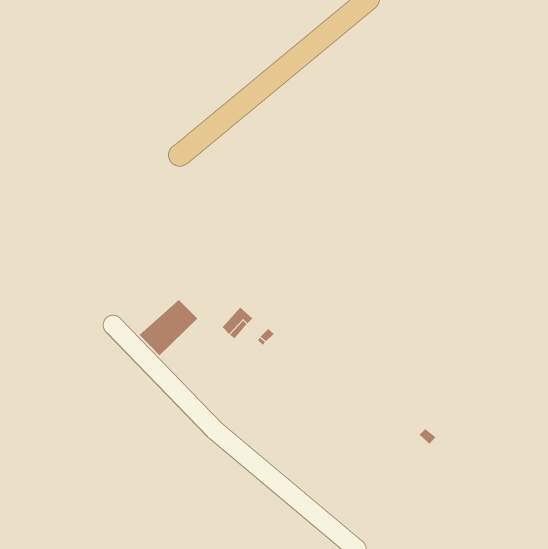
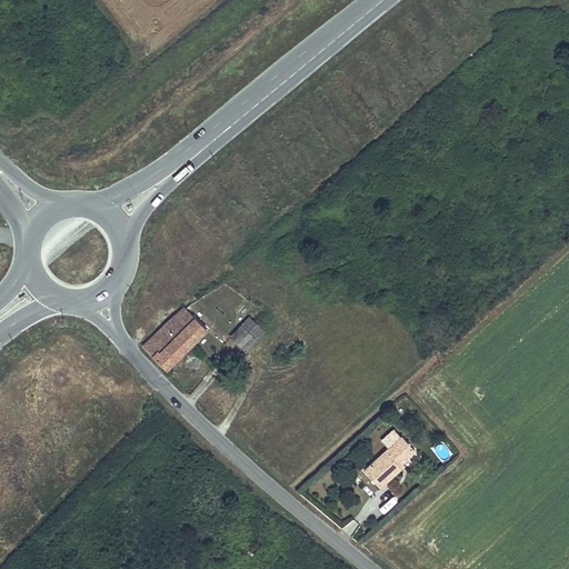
building: none -> [362,437,415,487]

